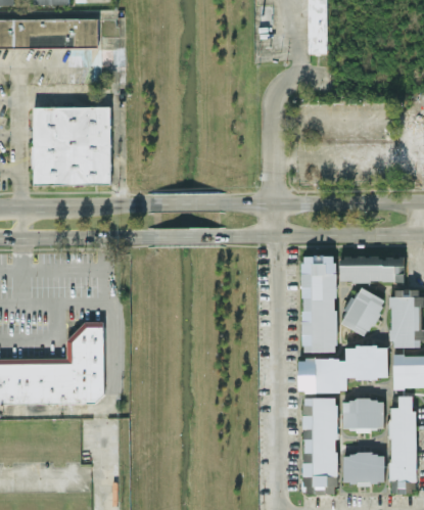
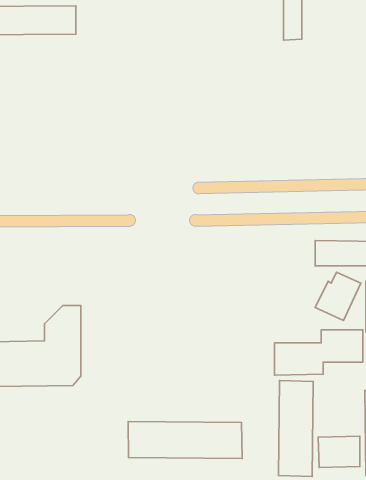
building: [33,108,109,184] -> none
building: [301,257,336,353] -> none
building: [342,401,383,432] -> none
building: none -> [128,421,242,459]

